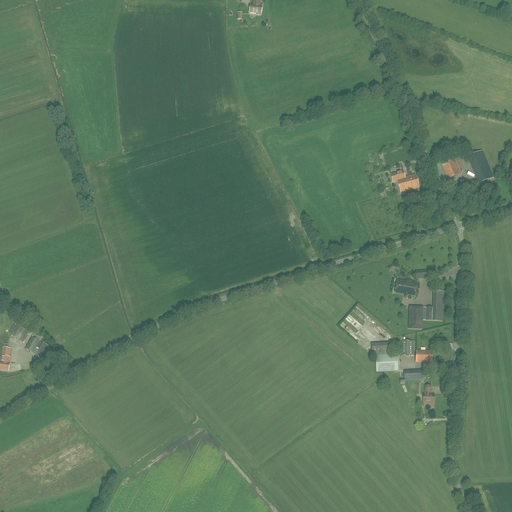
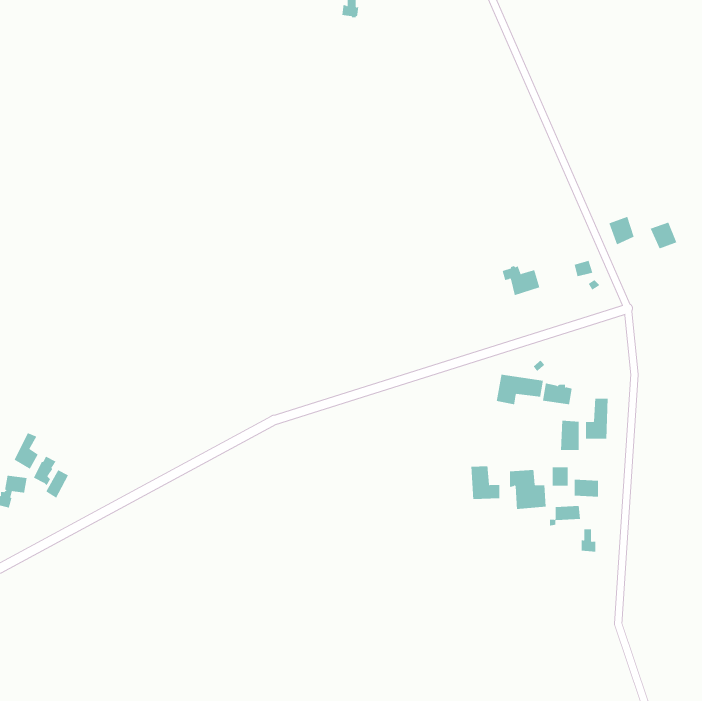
building: [390,169,418,191] -> [502,265,540,296]
building: none -> [496,374,543,405]
building: none -> [471,466,500,500]

